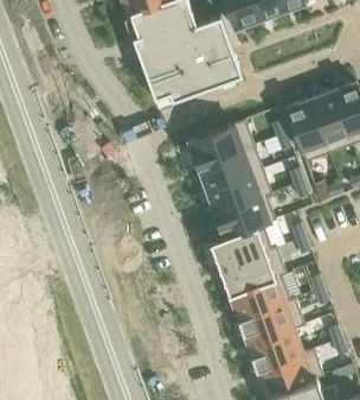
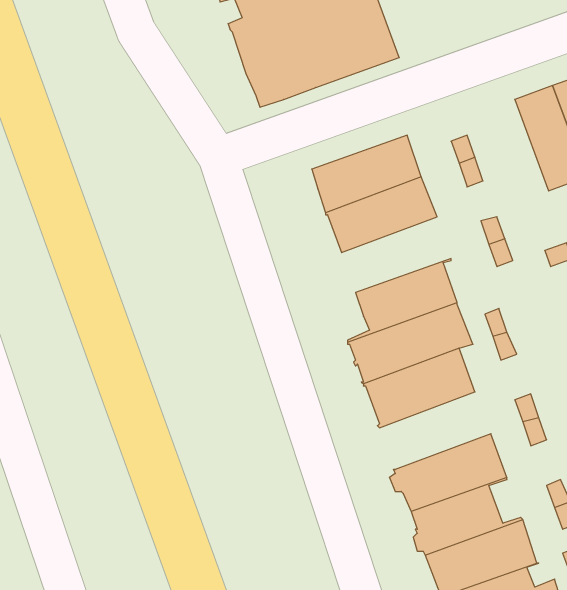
building: [285,99,329,161] -> none
building: [206,169,271,214] -> none
building: [229,273,295,319] -> none

